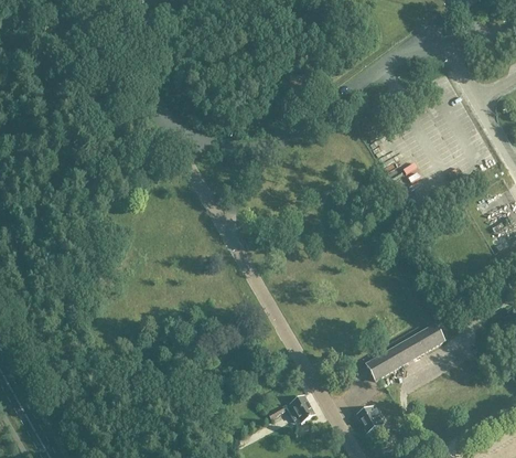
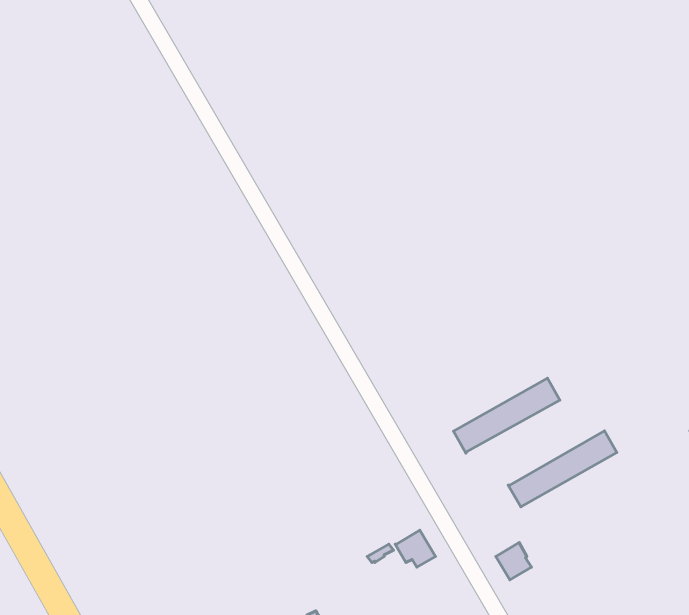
building: none -> [453,378,560,453]

